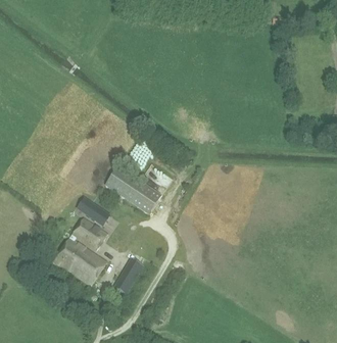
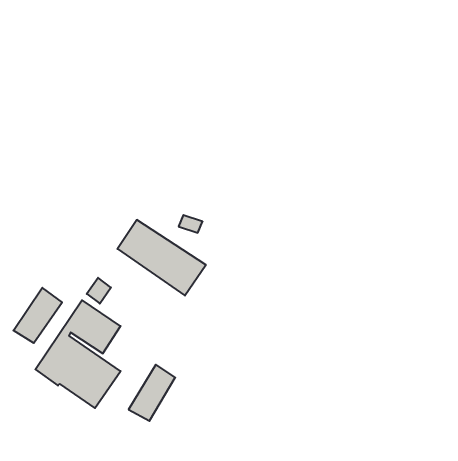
building: none -> [13,288,62,343]

